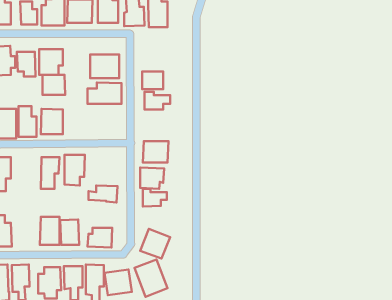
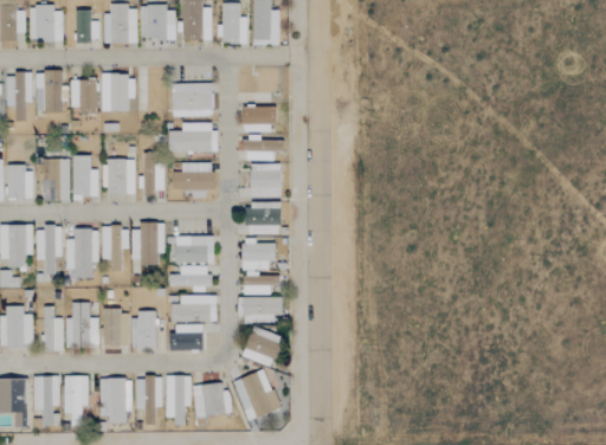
building: [42,75,65,95] -> none
building: none -> [172,162,213,198]
building: none -> [250,163,281,196]
building: none -> [66,228,98,278]
building: none -> [174,236,213,263]
building: none -> [170,295,215,322]
building: none -> [240,297,282,323]
building: none -> [65,302,98,346]

